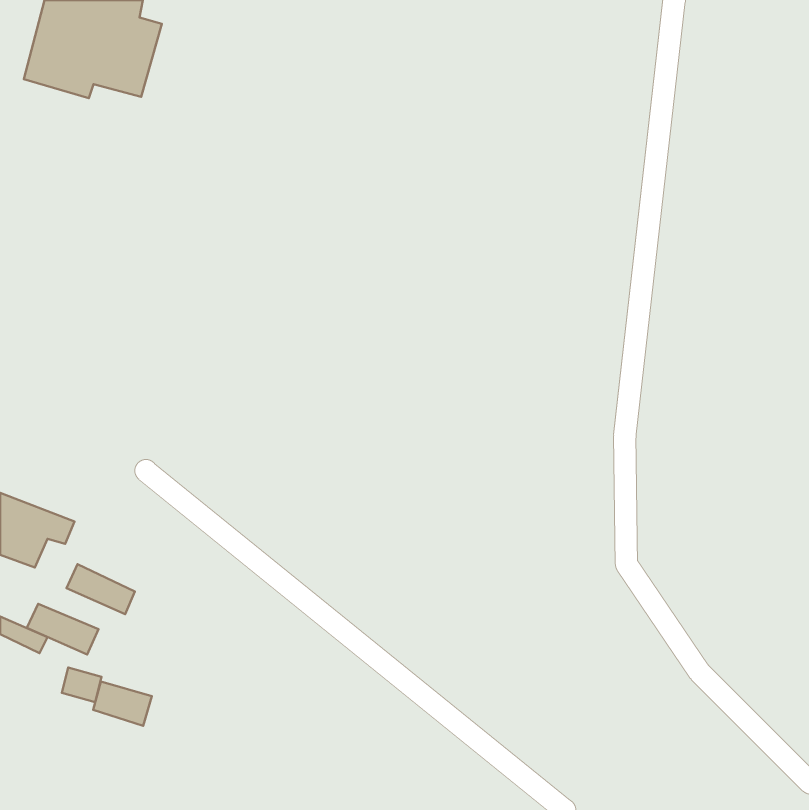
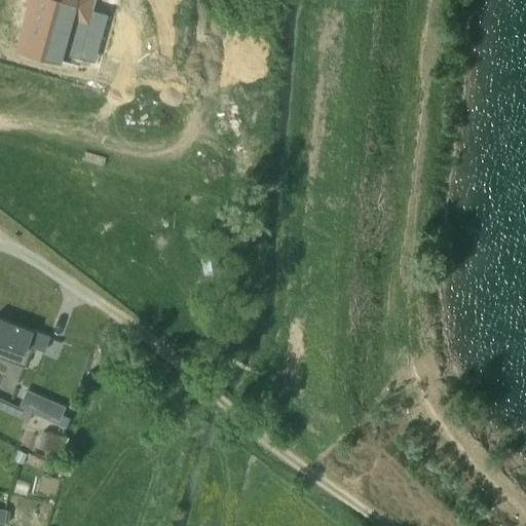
building: [66,564,135,614] -> none
building: [93,682,152,726] -> none

